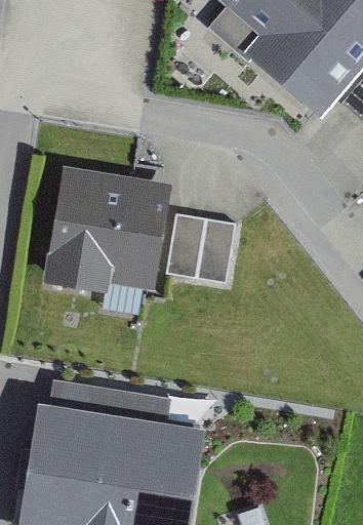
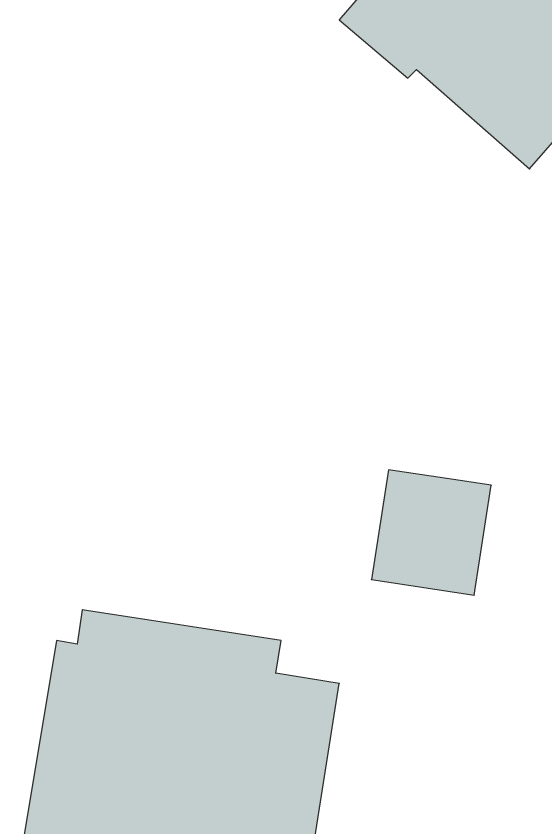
building: [42,164,173,291] -> none
building: [165,214,237,289] -> [371,470,491,595]

